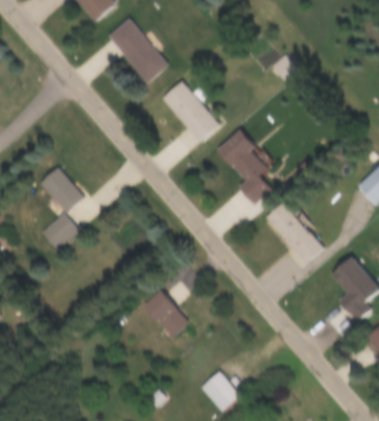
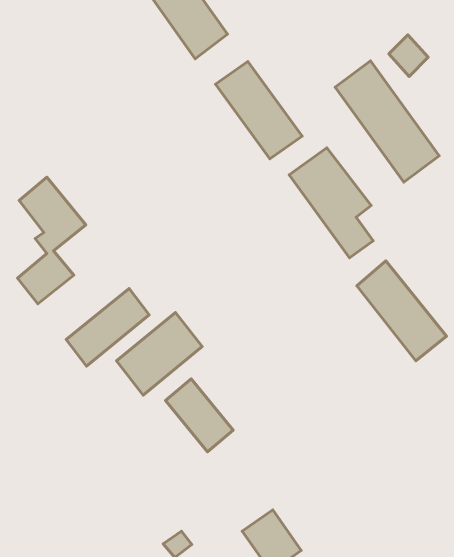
building: none -> [335,61,439,182]
building: none -> [66,288,149,366]
building: none -> [116,313,202,395]

